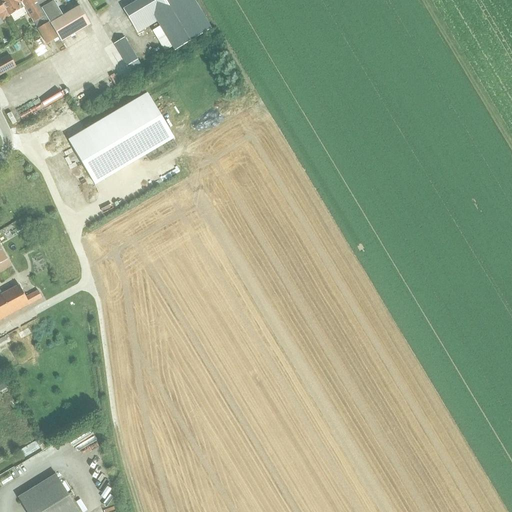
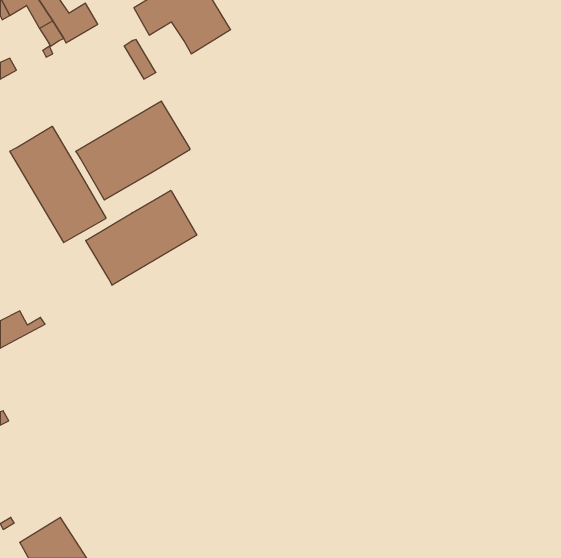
building: none -> [10,126,106,243]
building: none -> [86,190,197,285]

